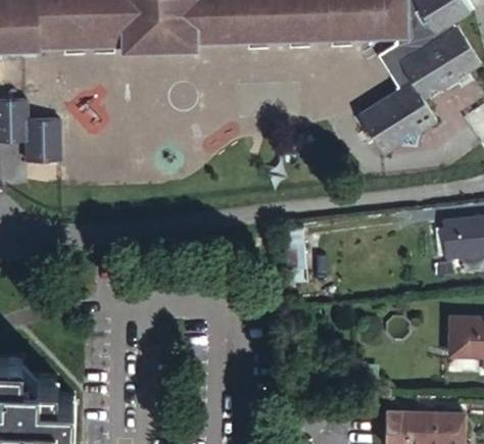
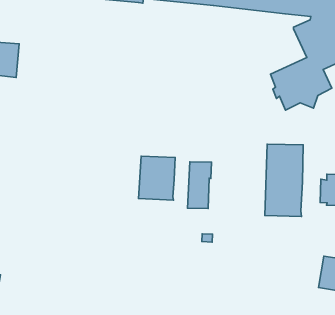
building: none -> [265,144,303,216]
building: none -> [139,156,175,200]

